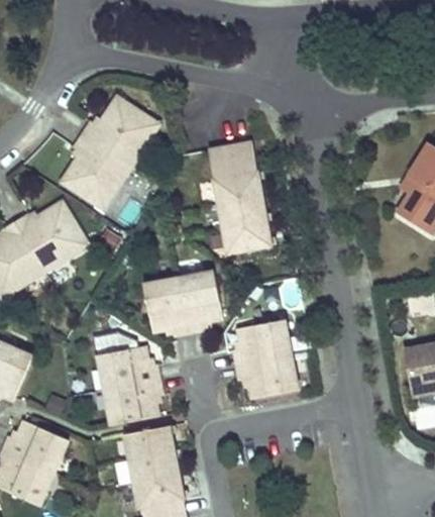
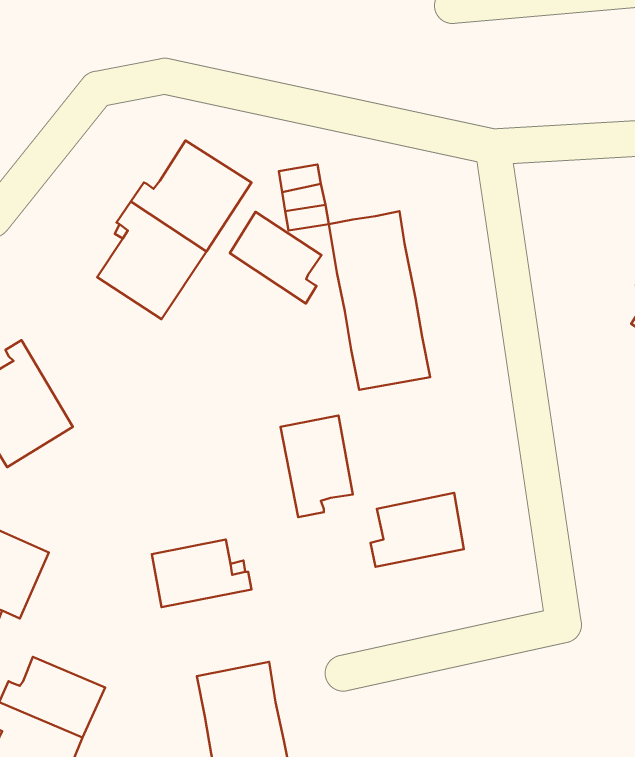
building: none -> [230,212,321,304]
building: [14,203,93,277] -> none
building: [143,277,188,336] -> none
building: [236,353,299,397] -> none
building: [102,379,162,425] -> none

